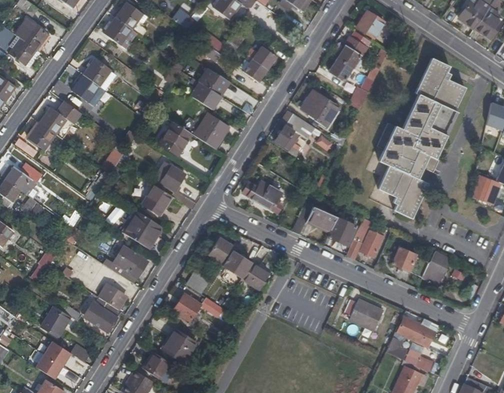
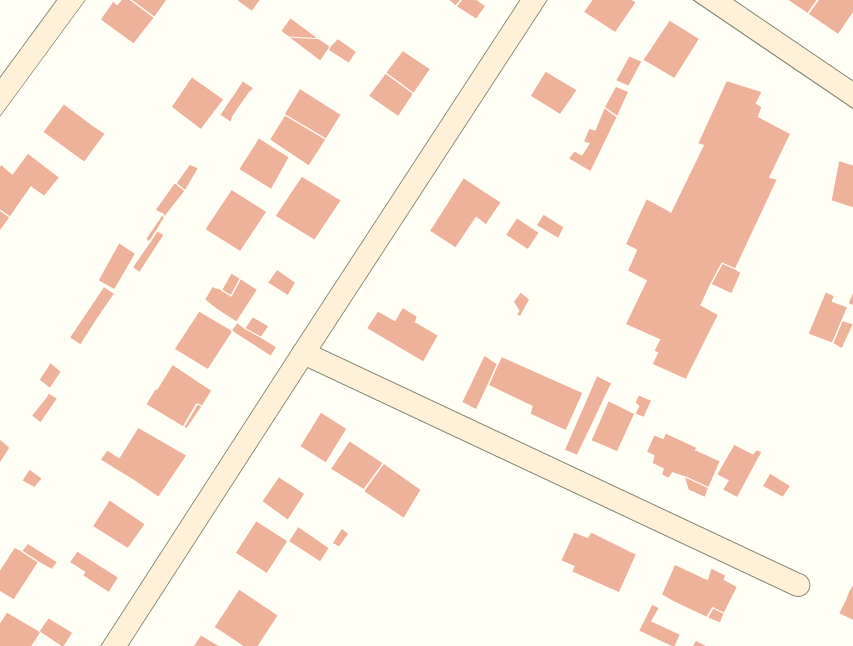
building: [336,36,366,67] -> [643,20,700,79]
building: [83,58,111,86] -> [171,77,224,130]
building: [302,91,339,126] -> none
building: none -> [238,137,289,190]
building: [90,296,121,323] -> none

